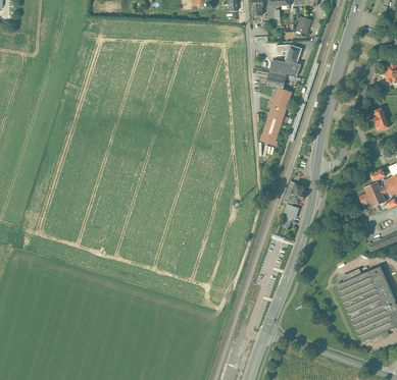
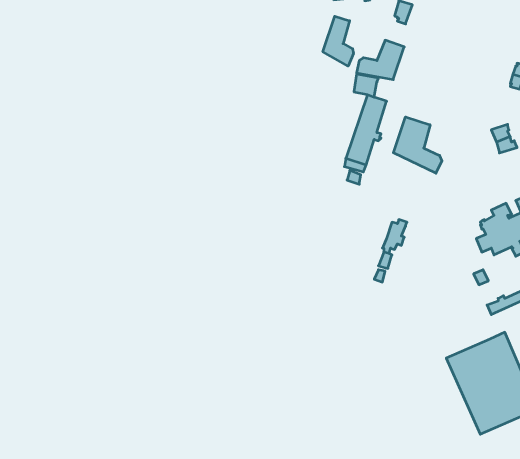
building: none -> [323,16,353,66]
building: none -> [393,117,442,173]

